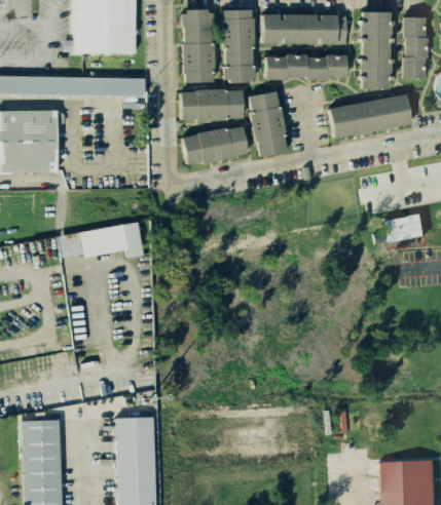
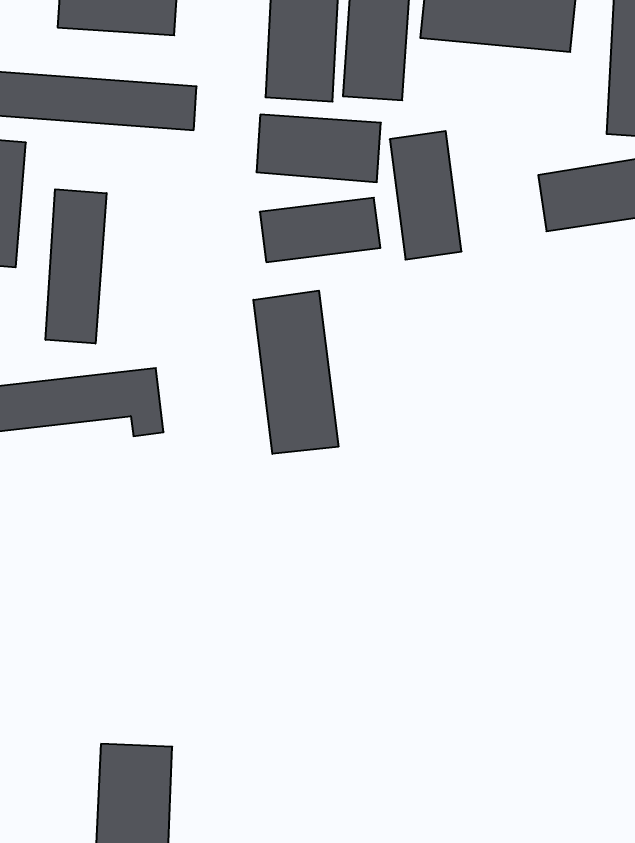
building: [262,53,343,79] -> none
building: none -> [46,189,107,344]
building: none -> [253,291,338,454]

